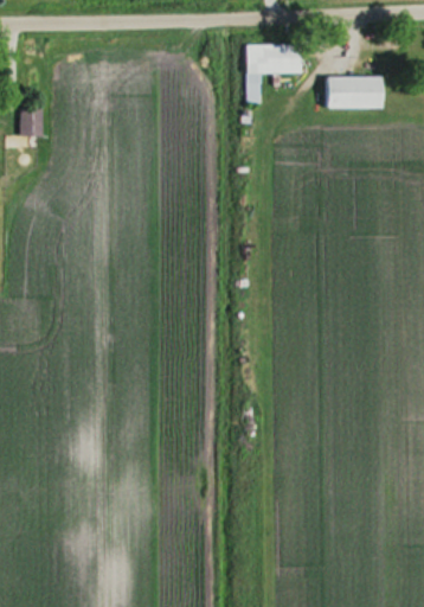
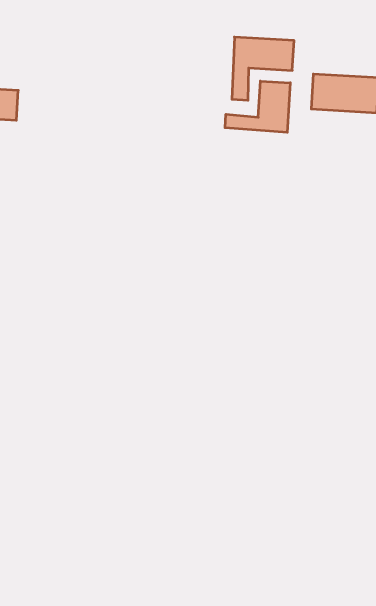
building: none -> [225,81,290,132]

